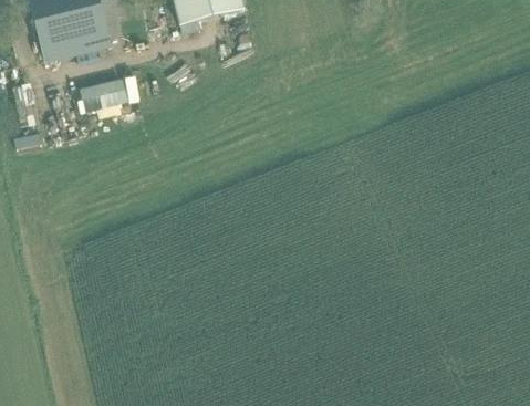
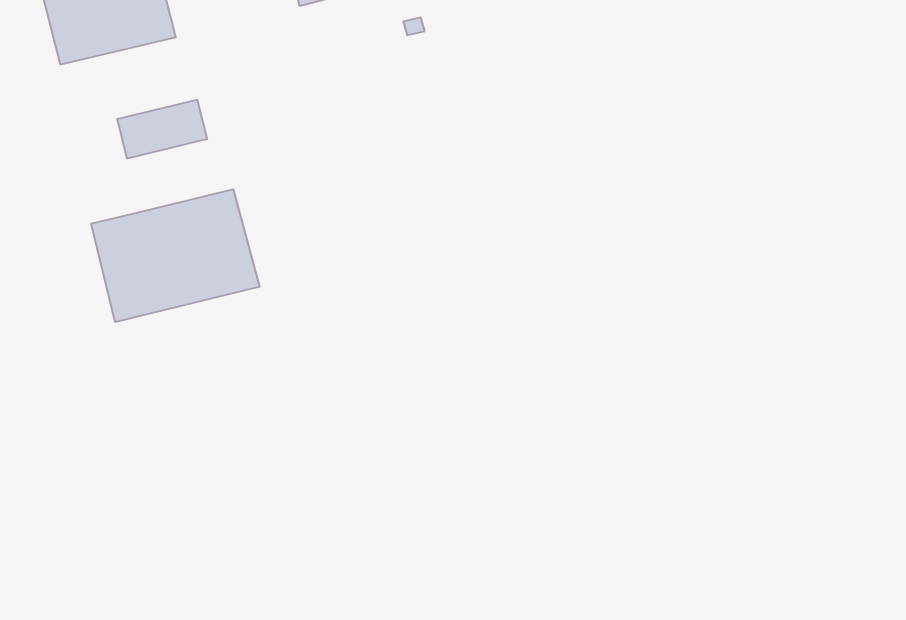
building: none -> [91,189,259,322]

